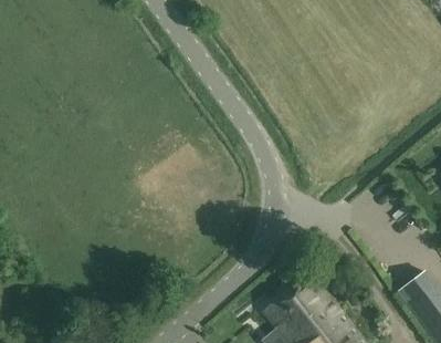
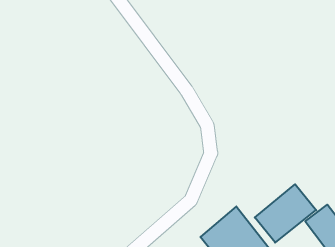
building: none -> [255,184,316,243]

